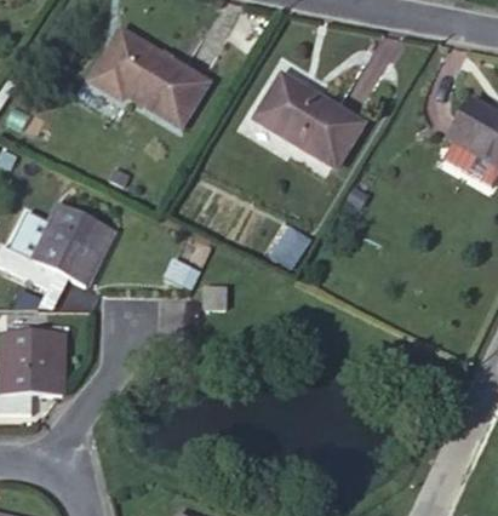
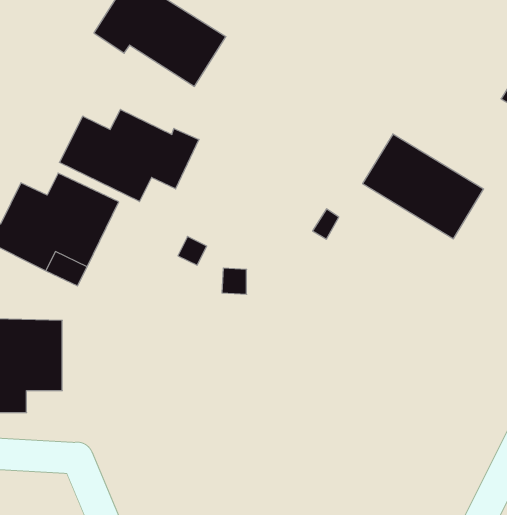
building: [256,75,362,167] -> [363,134,484,239]
building: none -> [59,109,199,202]

